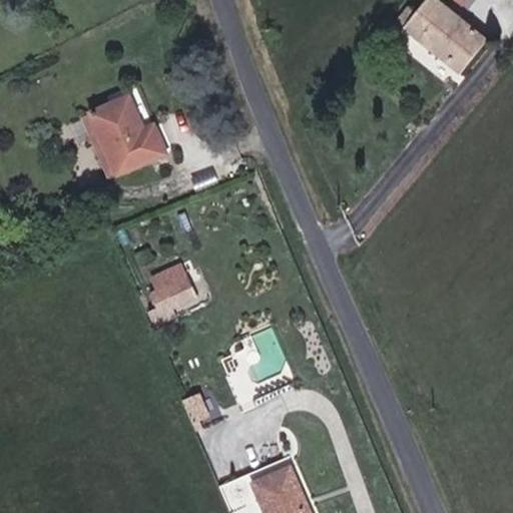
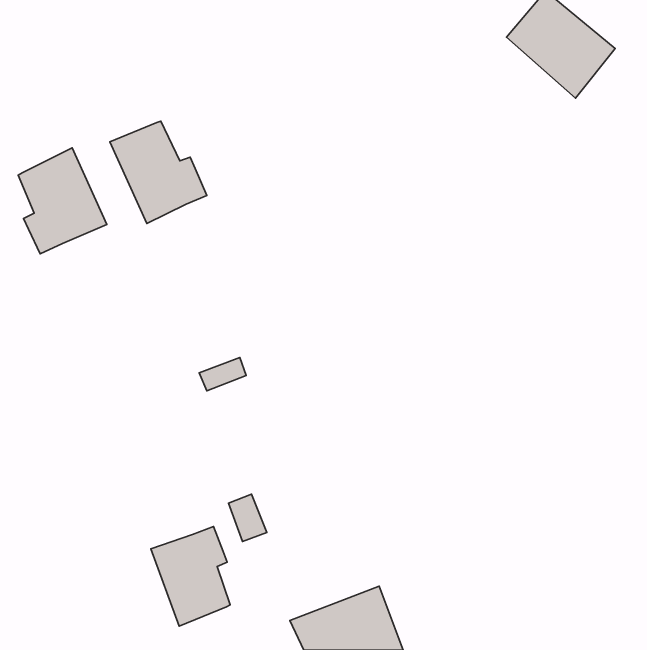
building: none -> [18,148,107,254]
building: none -> [151,527,230,626]

